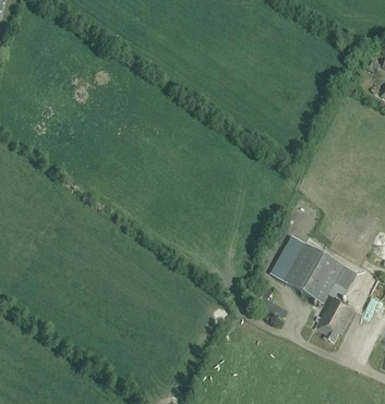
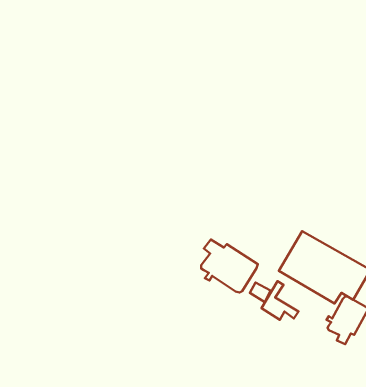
building: none -> [201,240,258,293]

